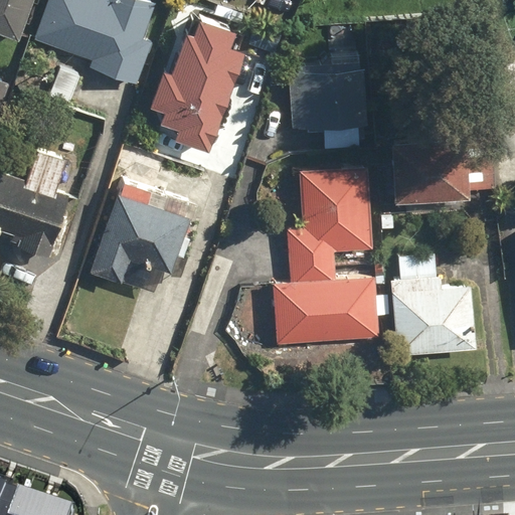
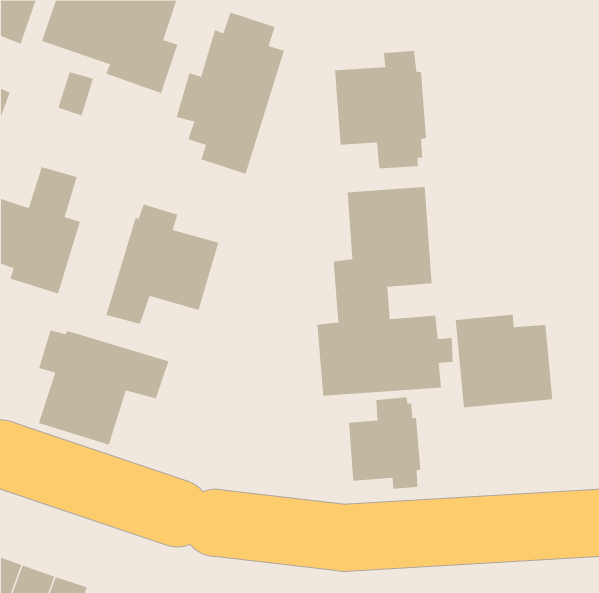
building: [389,134,469,201] -> none
building: none -> [38,329,169,446]
building: none -> [348,397,421,489]

